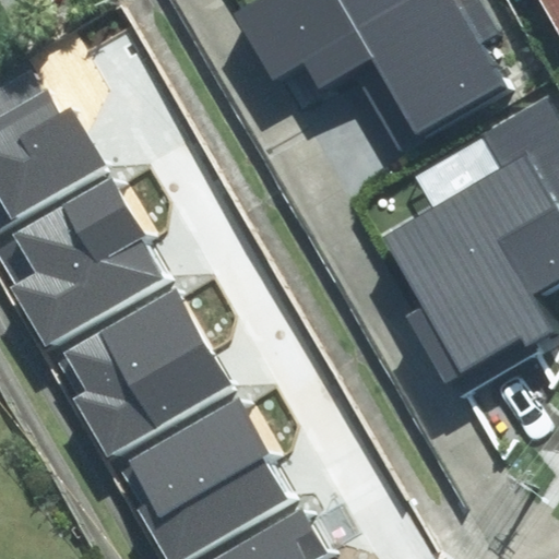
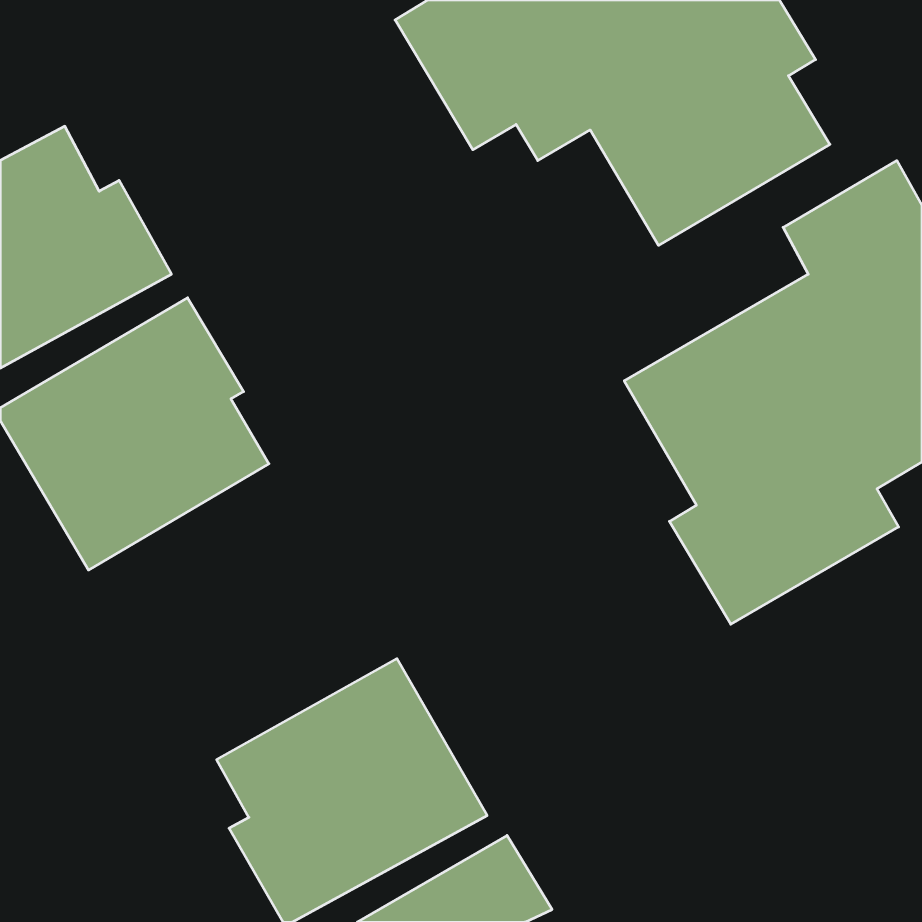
building: [67,296,230,460] -> none

